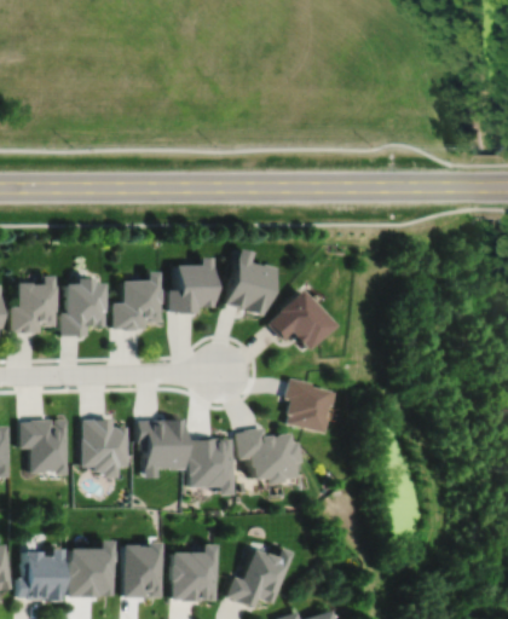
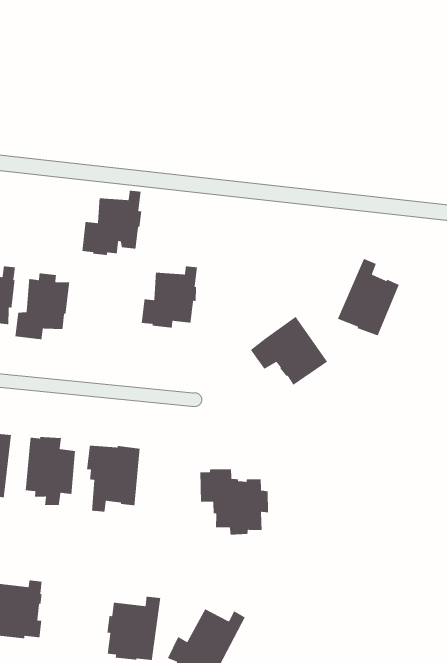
building: [225,248,276,314] -> [337,258,400,337]
building: [114,271,162,330] -> [81,190,142,256]
building: [284,377,335,433] -> none
building: [190,438,232,496] -> none
building: [125,544,160,598] -> none

